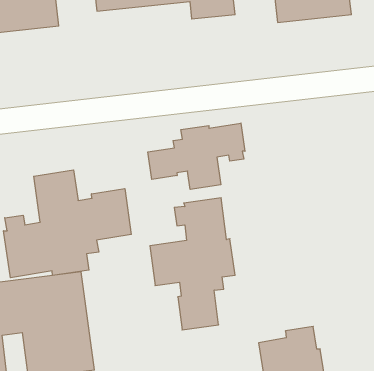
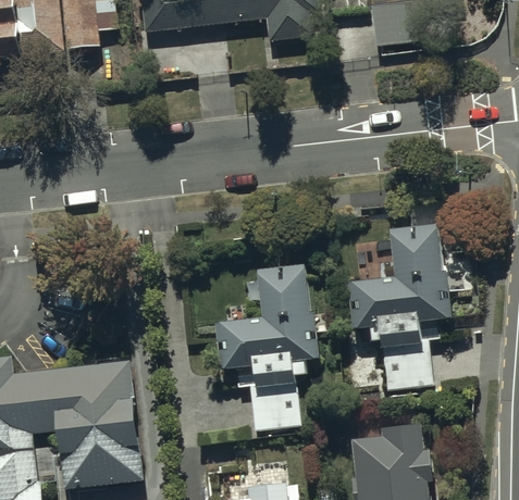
building: [148,123,245,189] -> none
building: none -> [344,225,473,391]
building: [4,170,131,278] -> none

